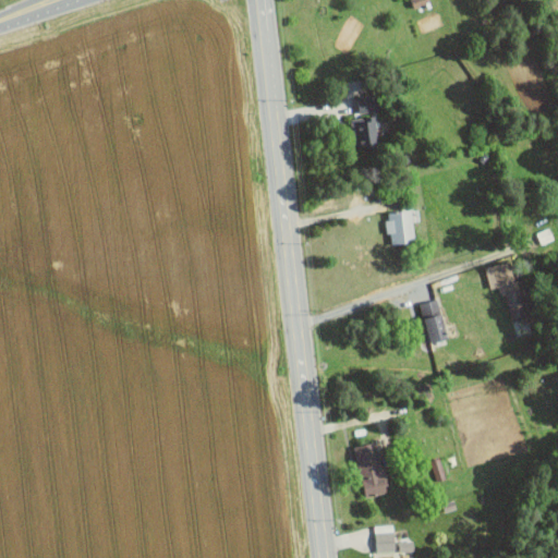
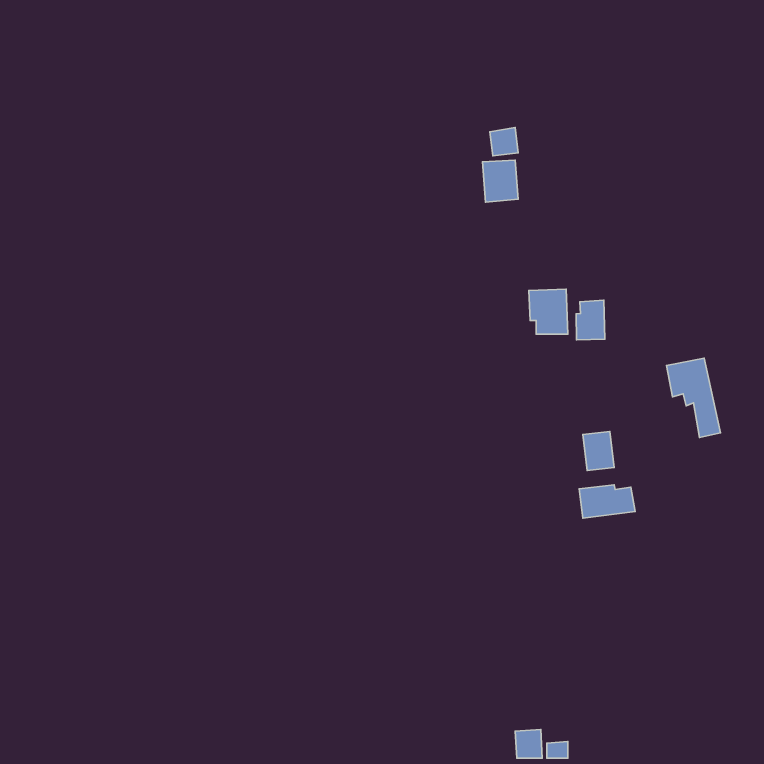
building: none -> [576,300,605,340]
building: none -> [579,485,635,518]
building: [354,442,388,498] -> none

